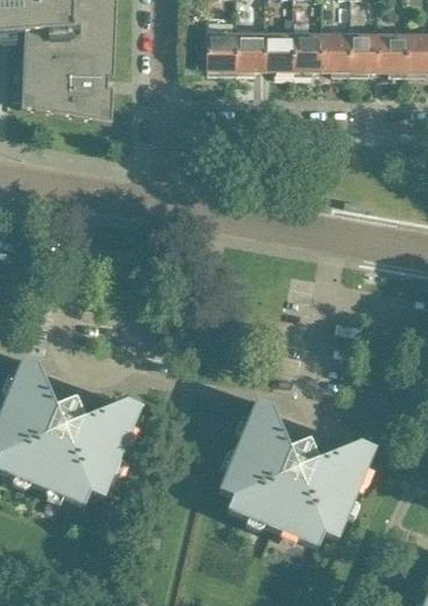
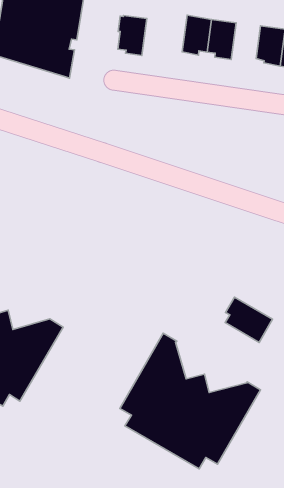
building: [205,32,235,75] -> [118,15,147,55]
building: [292,33,320,76] -> none
building: none -> [225,297,273,342]

